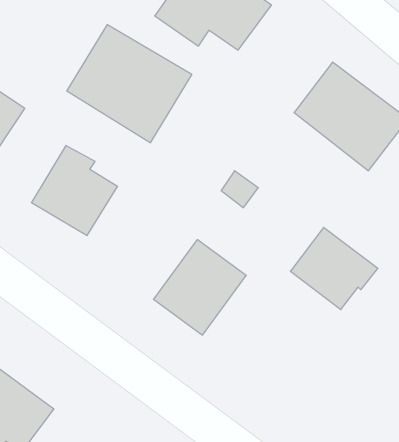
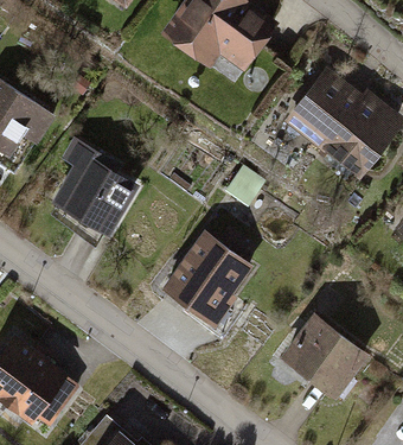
building: [67,25,192,143] -> none
building: [290,227,378,310] -> [286,317,364,390]

